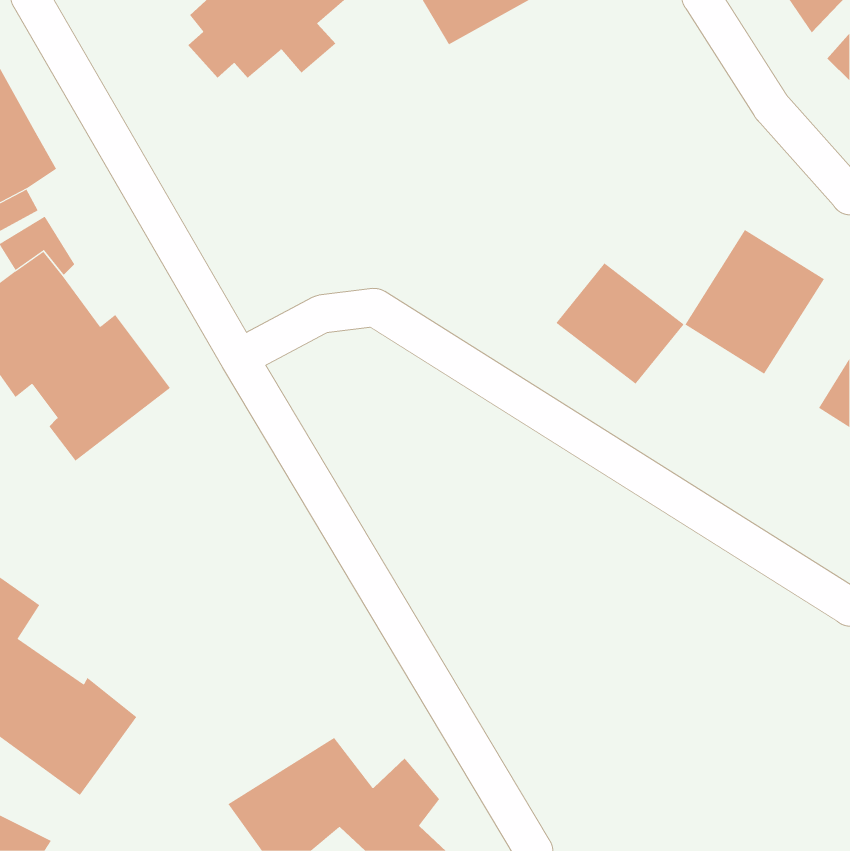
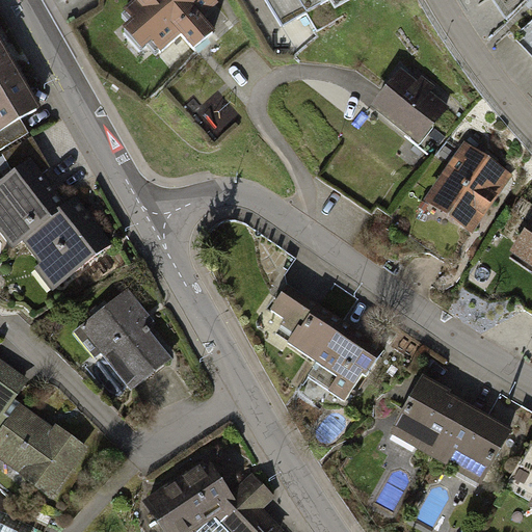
building: [556,262,684,385] -> [370,71,450,147]
building: none -> [76,287,170,391]
building: none -> [266,287,378,400]
building: none -> [392,379,511,481]

